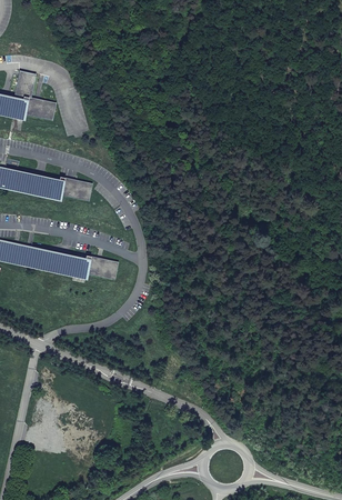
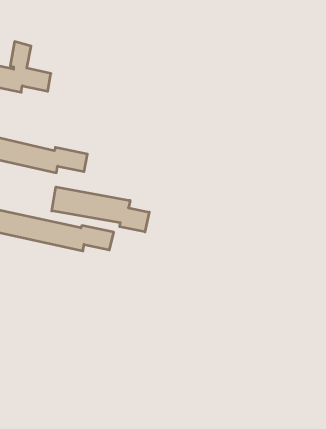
building: none -> [52,187,149,232]

